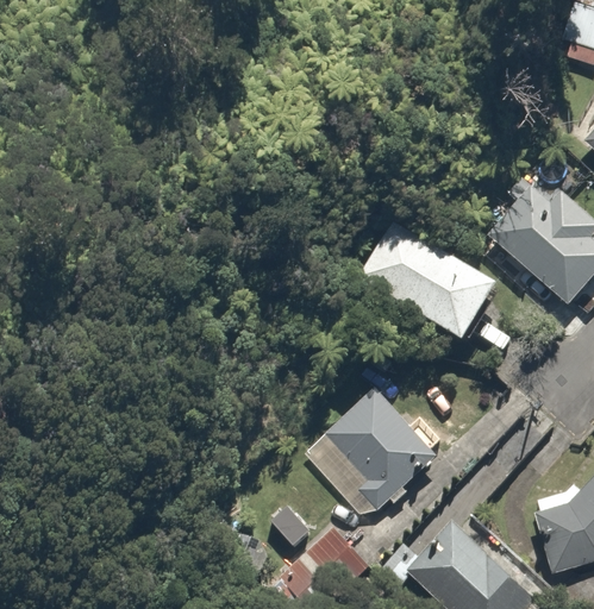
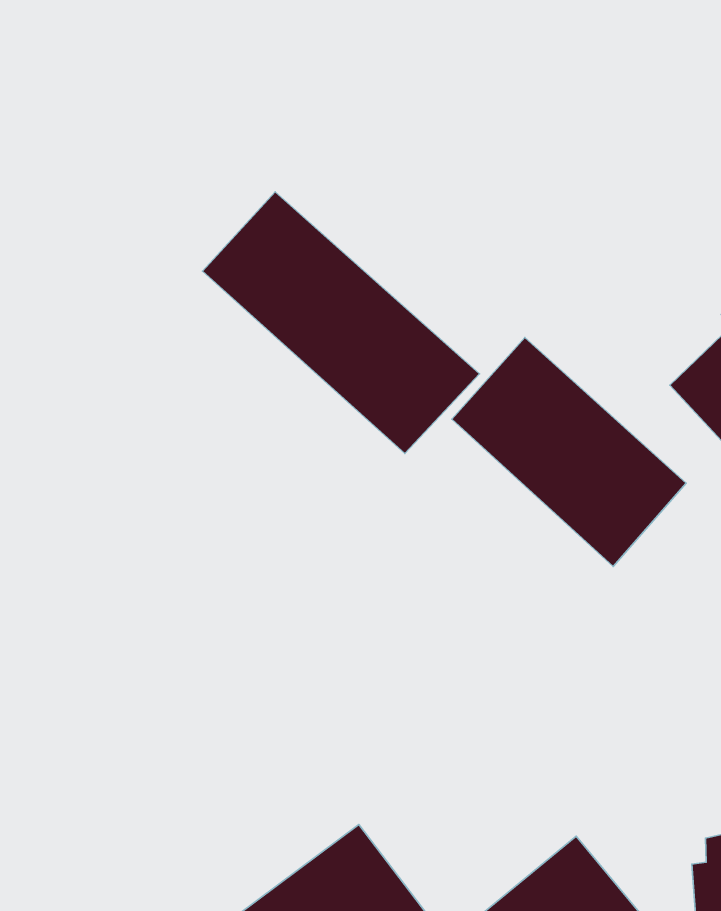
building: none -> [202,192,479,453]
building: [305,388,439,521] -> none

